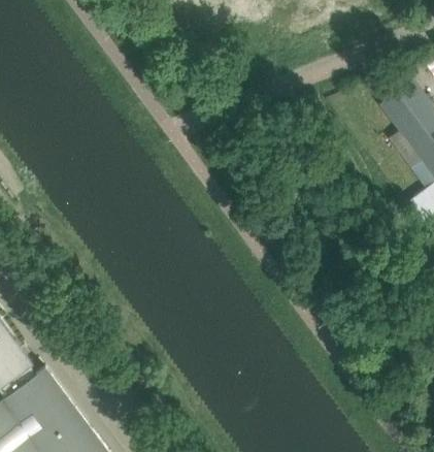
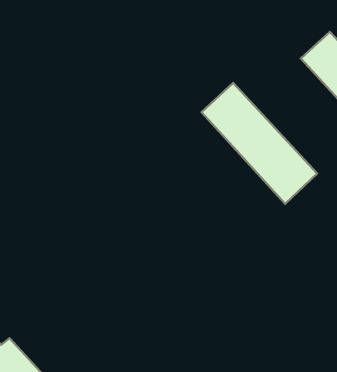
building: none -> [201,83,317,204]

